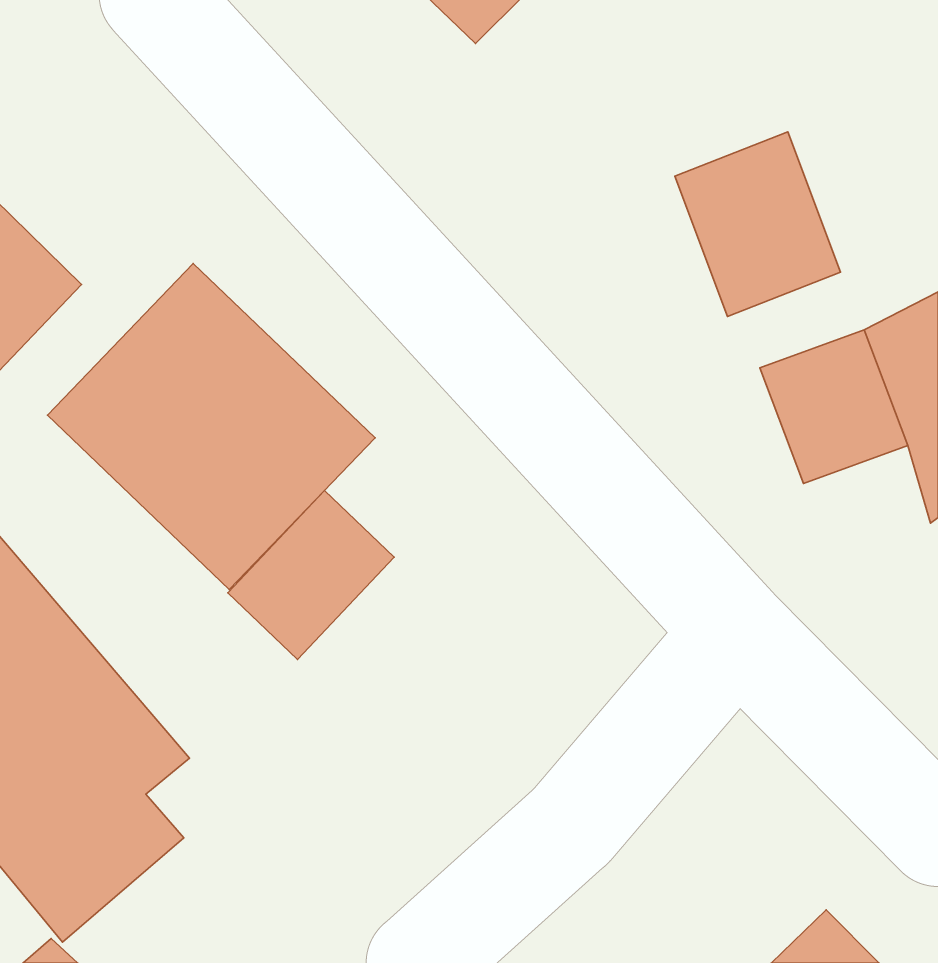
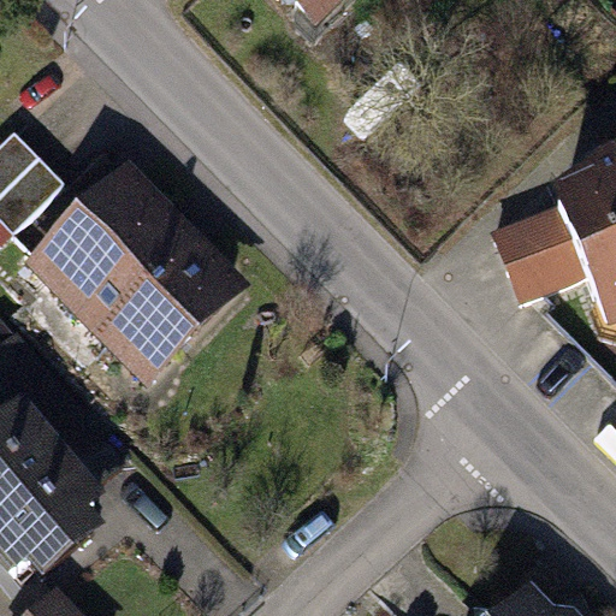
building: [675,132,841,316] -> none
building: [228,491,394,660] -> none

